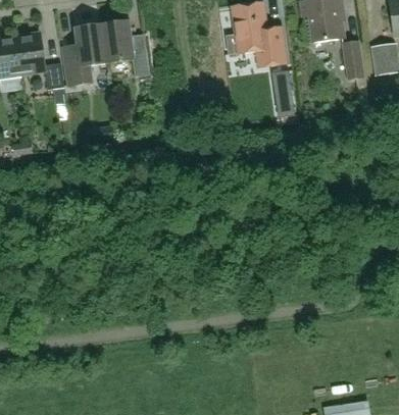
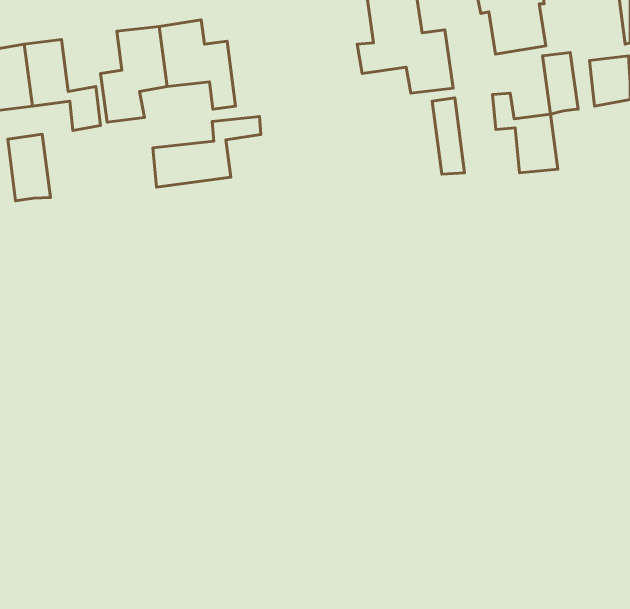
building: none -> [493,93,558,173]
building: none -> [153,117,261,187]
building: none -> [8,134,51,201]

